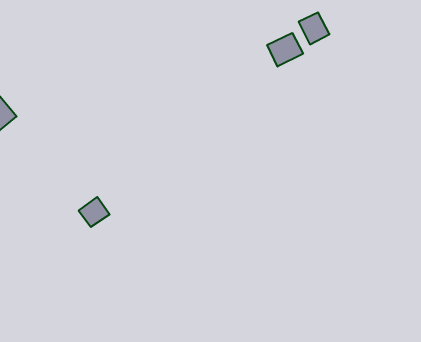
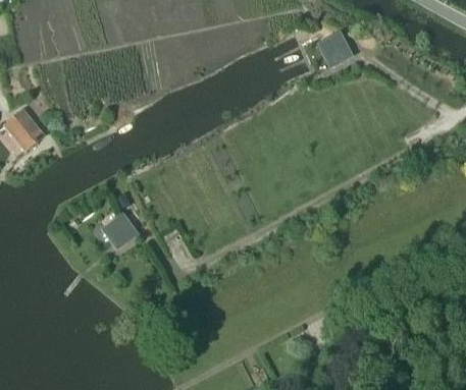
building: [267,33,303,67] -> none

